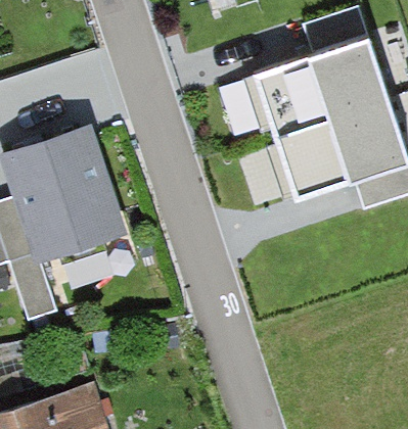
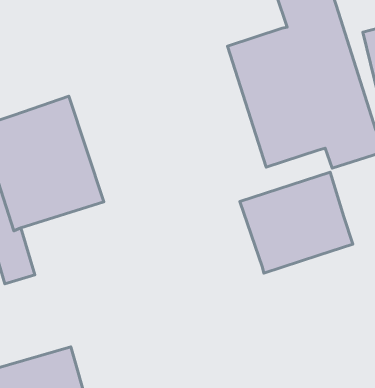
building: none -> [240,172,353,273]

